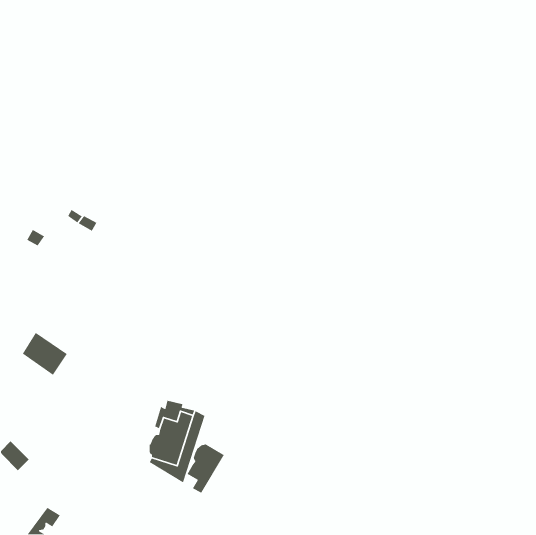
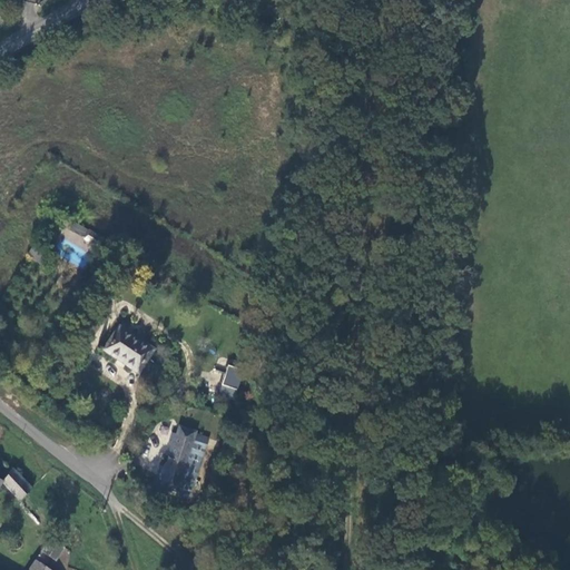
building: [22,332,68,376] -> [99,326,148,373]
building: none -> [219,364,244,397]
building: [187,443,225,494] -> none

